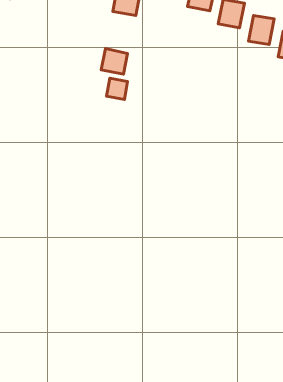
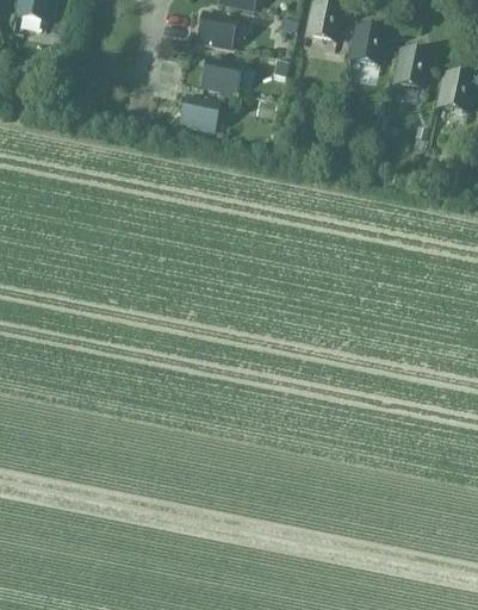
building: none -> [203,57,241,92]
building: [106,78,127,100] -> none

